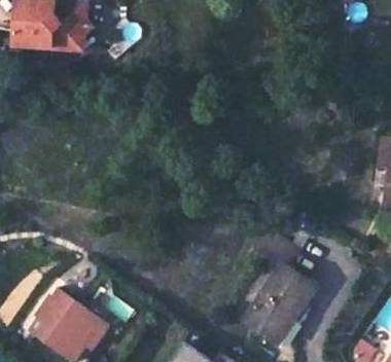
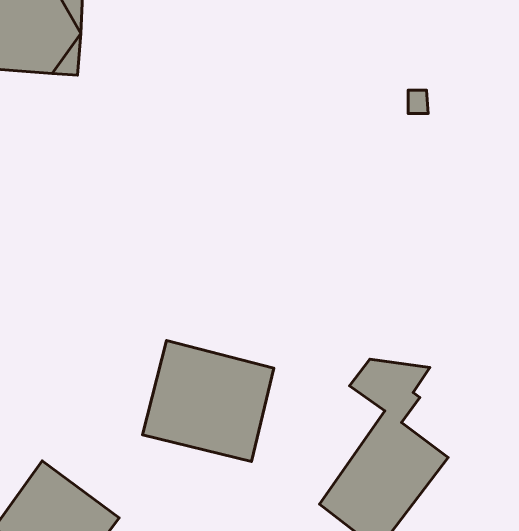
building: none -> [143,340,274,461]

